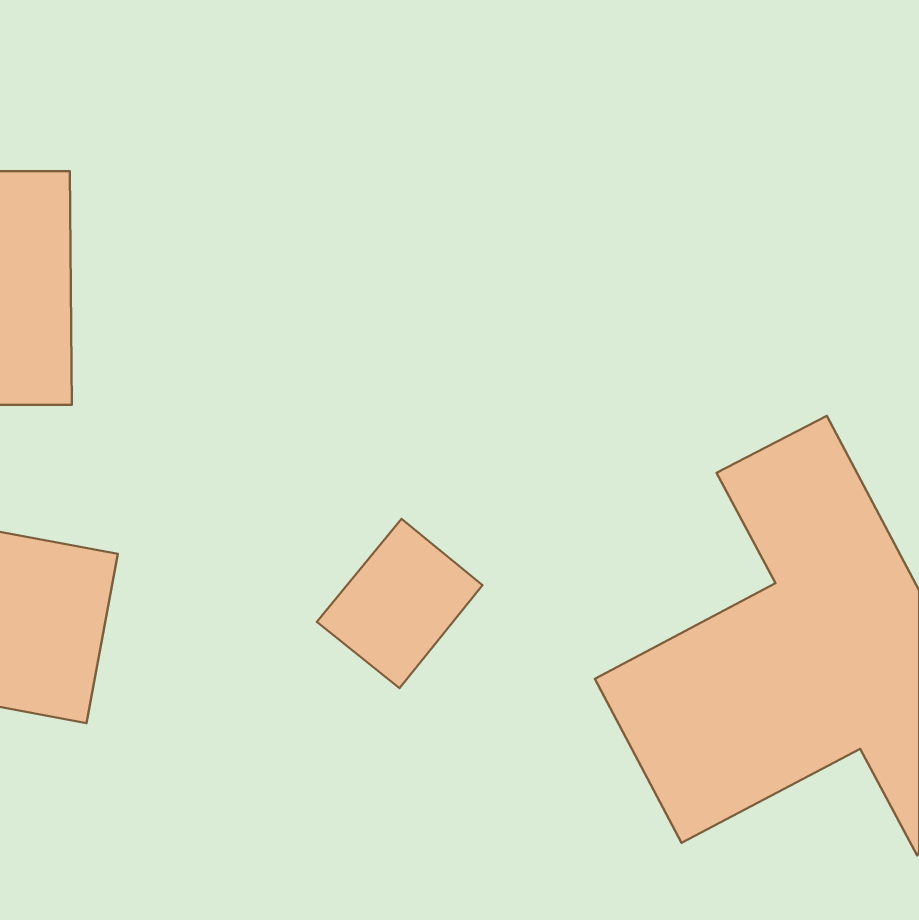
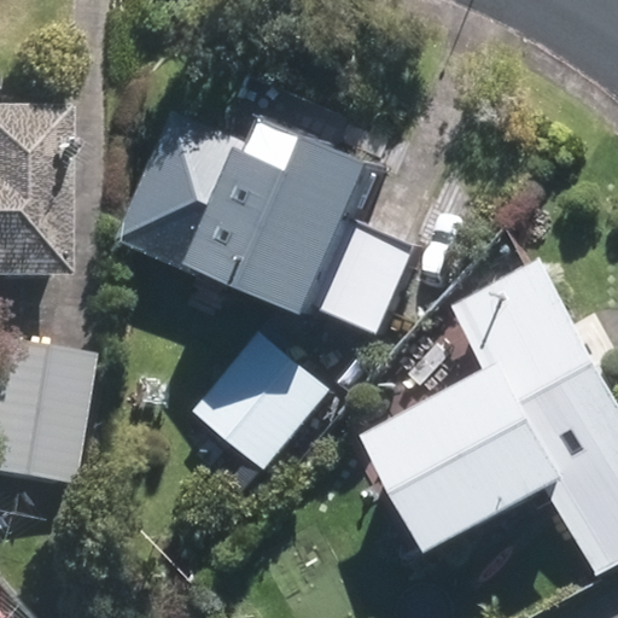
building: none -> [135,121,381,315]

